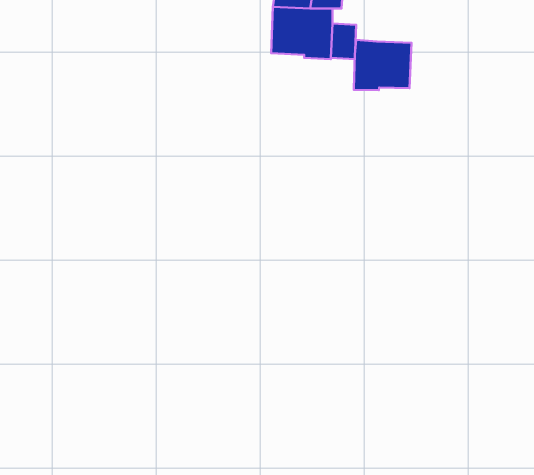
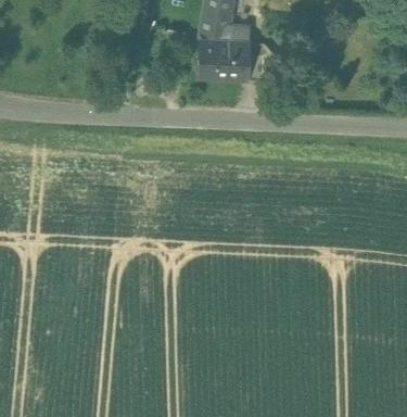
building: [354,40,412,90] -> none

